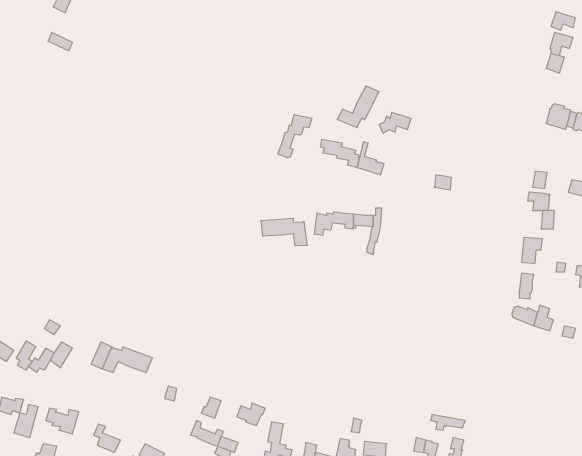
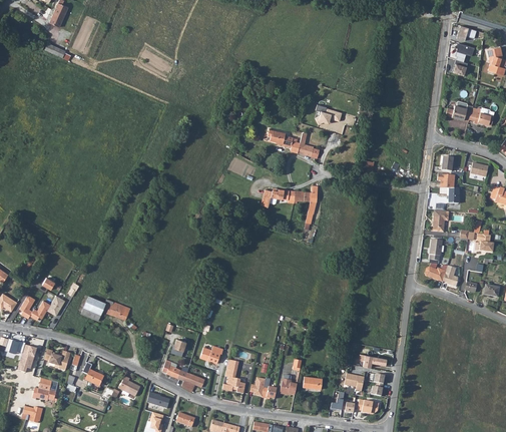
building: [337,86,379,128] -> none
building: [278,114,312,158] -> none
building: [261,218,307,246] -> none

